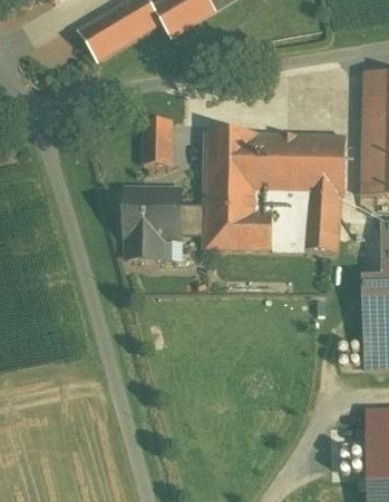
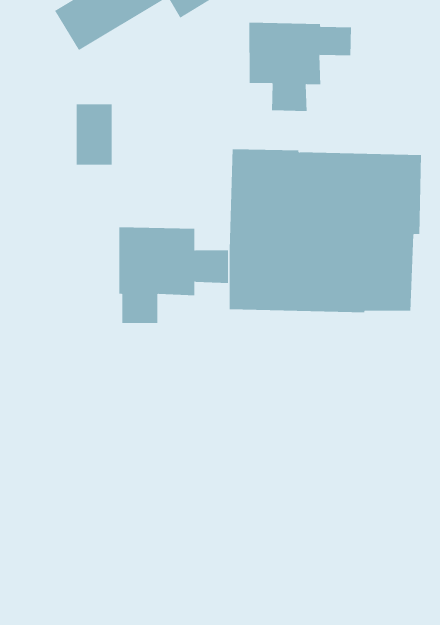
building: none -> [249,22,352,112]
building: [144,119,171,164] -> [76,104,113,165]

